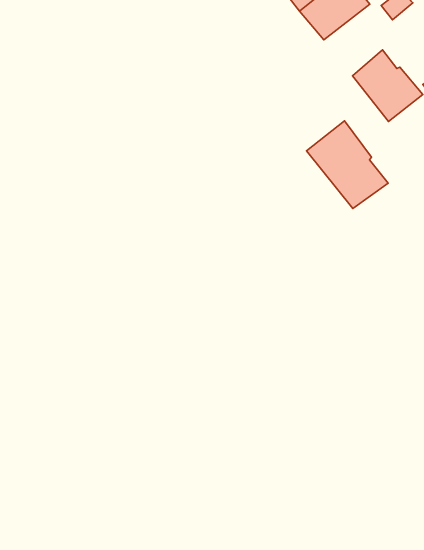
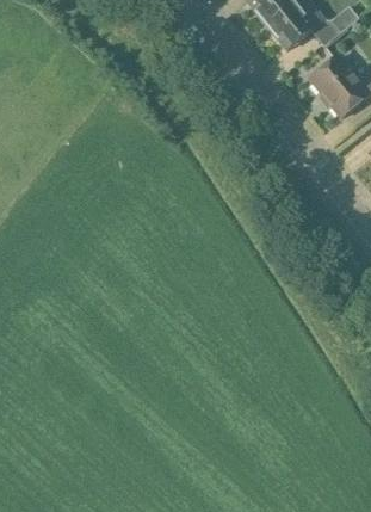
building: [307,121,388,209] -> none

